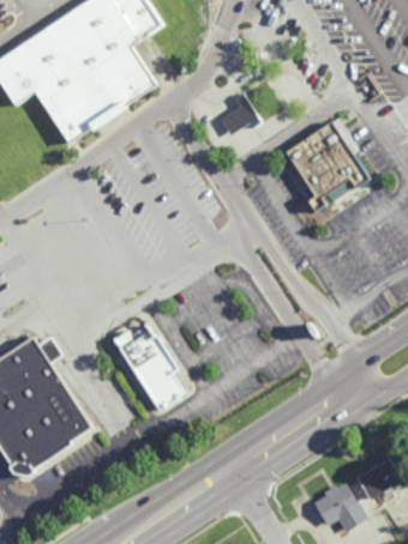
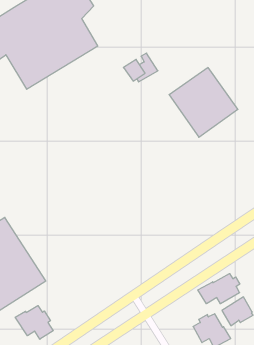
building: [107,328,184,413] -> none
building: none -> [198,274,240,304]
building: none -> [15,306,53,339]

